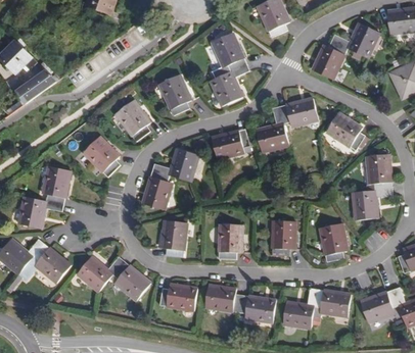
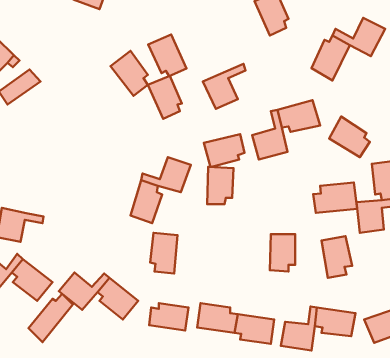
building: [211,32,246,70] -> [148,35,187,76]
building: [113,99,148,141] -> [111,51,148,96]
building: [81,136,118,177] -> none
building: [40,167,67,205] -> none
building: none -> [313,182,357,213]
building: [217,224,241,259] -> [207,167,233,204]
building: none -> [29,294,73,342]

